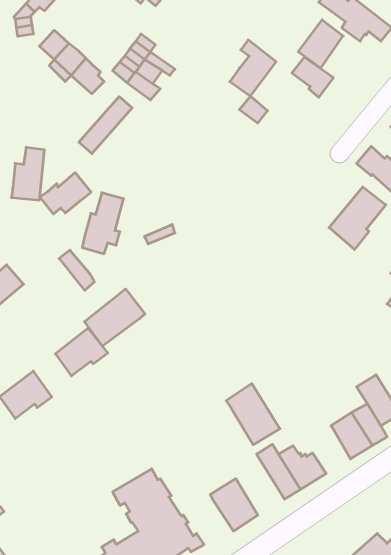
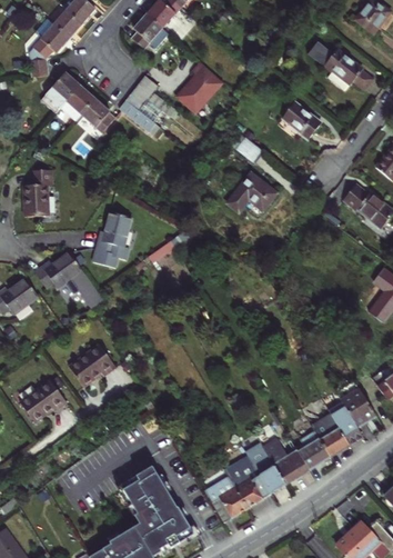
building: [298,20,343,68] -> none
building: [230,40,276,96] -> [188,58,230,109]
building: [79,97,132,154] -> none
building: none -> [225,165,274,202]
building: [40,173,91,214] -> [32,251,79,289]
building: [329,187,386,250] -> none
building: [84,289,145,346] -> none
building: [226,384,280,445] -> [225,455,274,510]
building: none -> [294,430,334,472]

